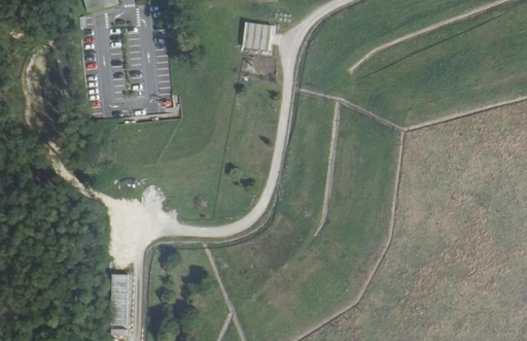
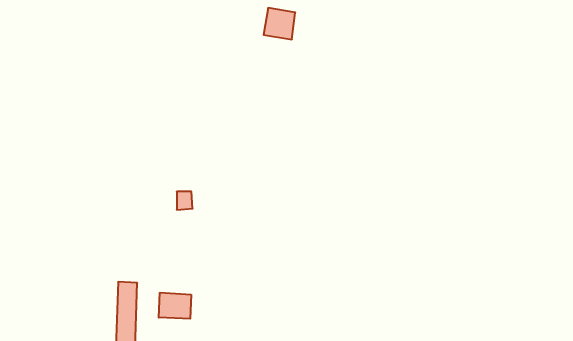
building: none -> [159,293,191,319]

